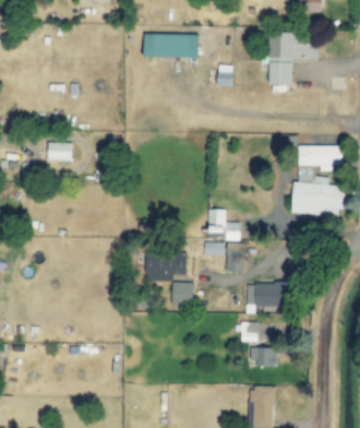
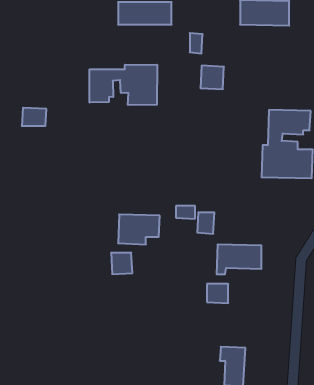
building: [269,61,293,85] -> [200,66,224,89]
building: none -> [90,65,157,105]
building: [208,209,240,240] -> none
building: [172,283,194,305] -> [111,253,132,274]
building: [252,347,277,366] -> none

